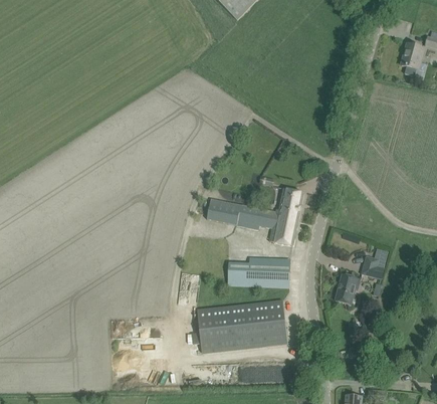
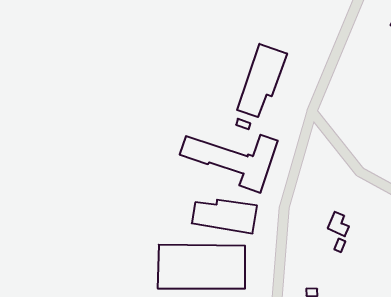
building: none -> [237,44,287,117]
building: [335,274,357,305] -> none

